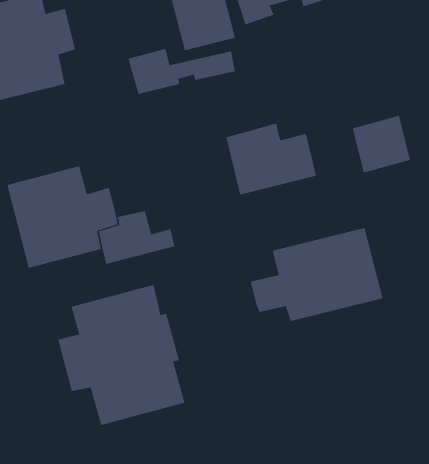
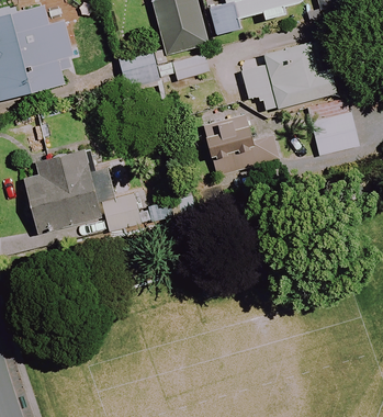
building: none -> [241,40,327,108]
building: [250,227,383,322] -> none
building: [58,284,185,426] -> none

